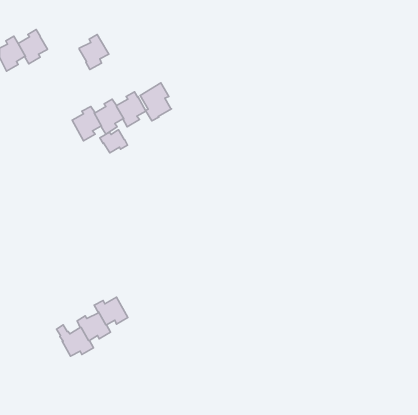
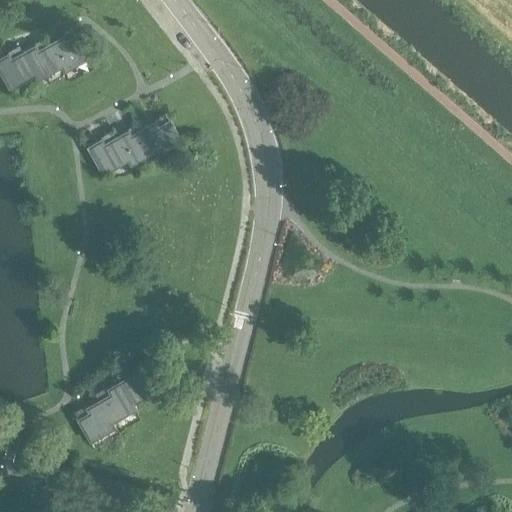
building: [79,34,109,70] -> [49,31,85,74]
building: [140,83,171,121] -> none
building: [100,130,128,153] -> none

